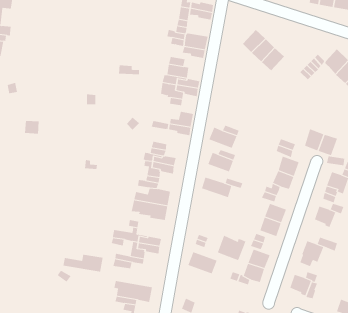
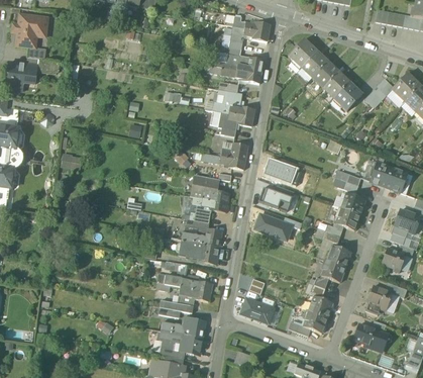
building: none -> [288,38,316,68]
building: none -> [333,82,361,111]
building: [217,235,246,261] -> none
building: [62,254,103,272] -> [160,317,205,338]

